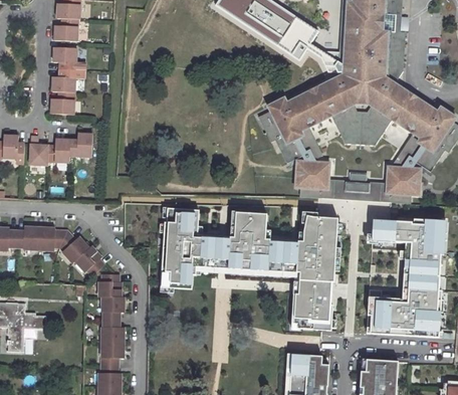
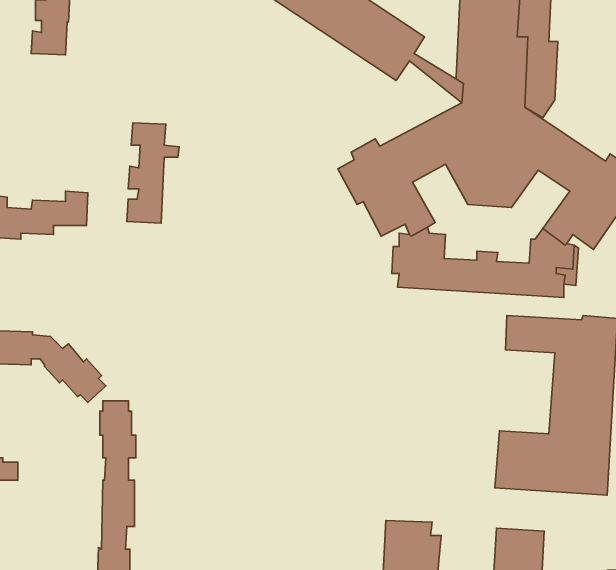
building: [49,47,84,115] -> [127,123,179,223]
building: [162,207,337,329] -> none

